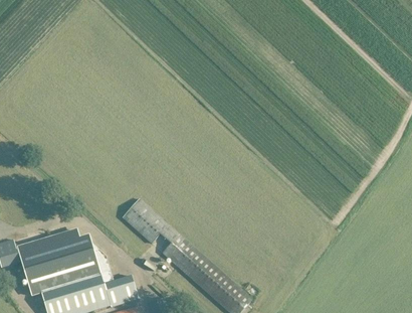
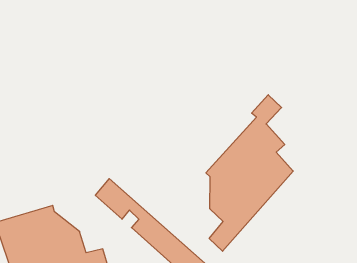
building: none -> [206,95,293,251]

